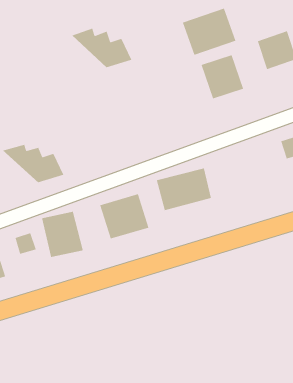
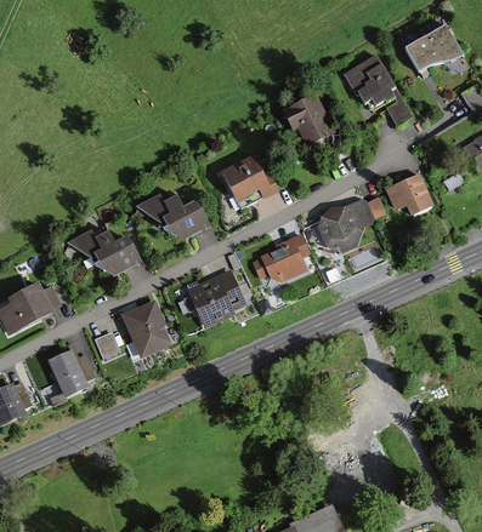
building: [182,7,237,56] -> none
building: [71,28,133,68] -> [135,193,210,238]
building: none -> [220,154,276,211]
building: none -> [317,198,374,251]

